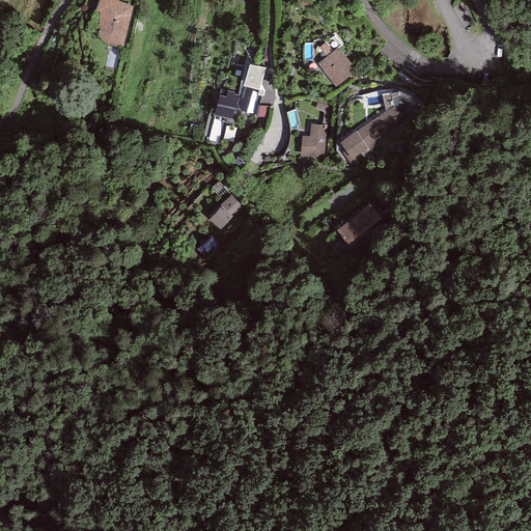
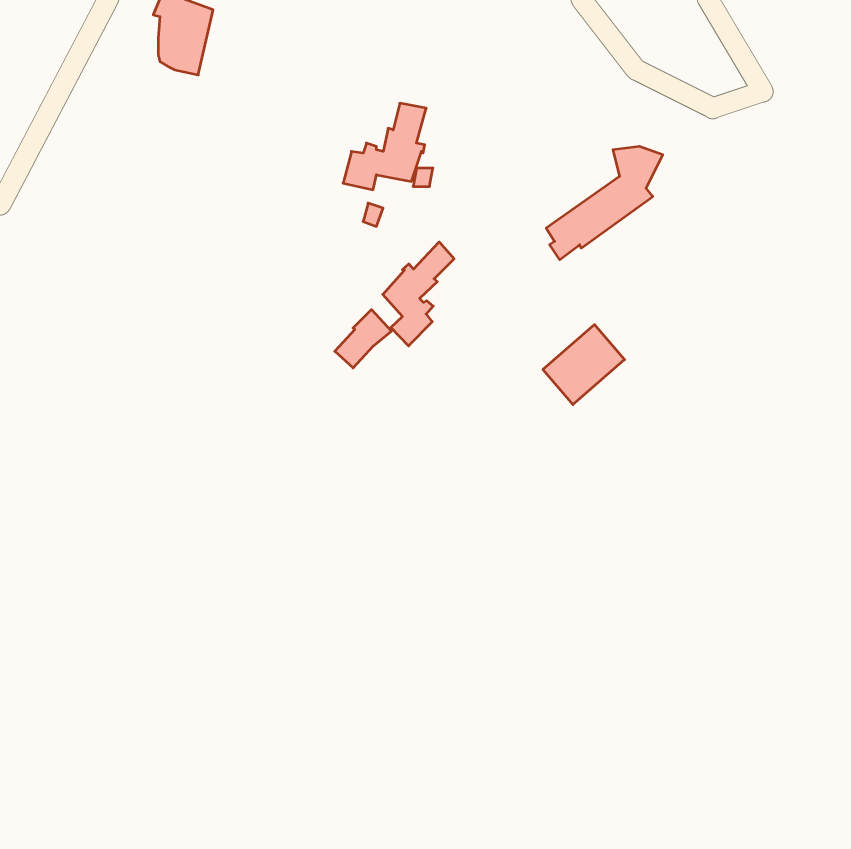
building: [317,47,357,86] -> none
building: [300,123,327,158] -> none
building: none -> [383,242,454,346]

